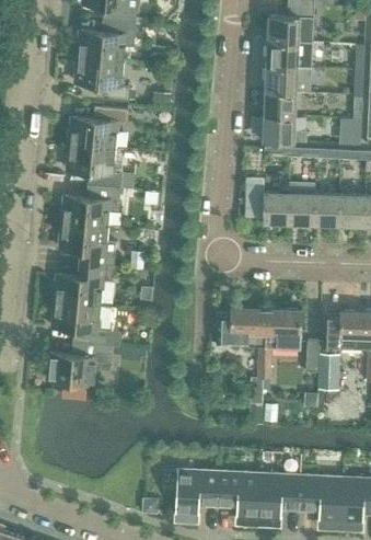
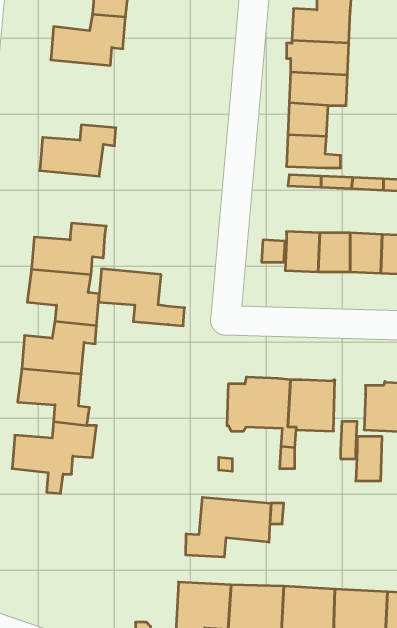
building: [74,56,130,101] -> none
building: [66,143,134,188] -> [99,269,185,326]
building: none -> [186,497,271,557]

